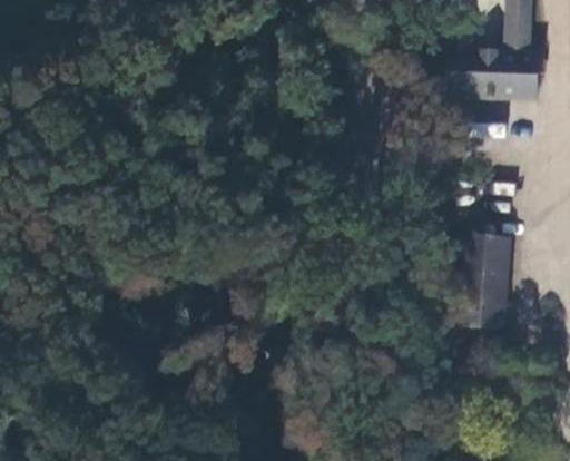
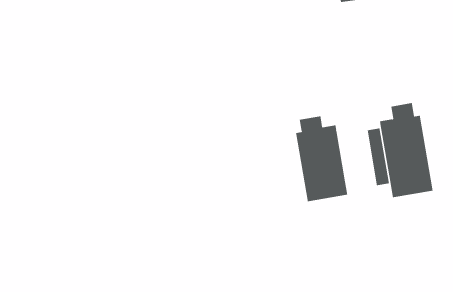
building: none -> [296,115,348,202]

